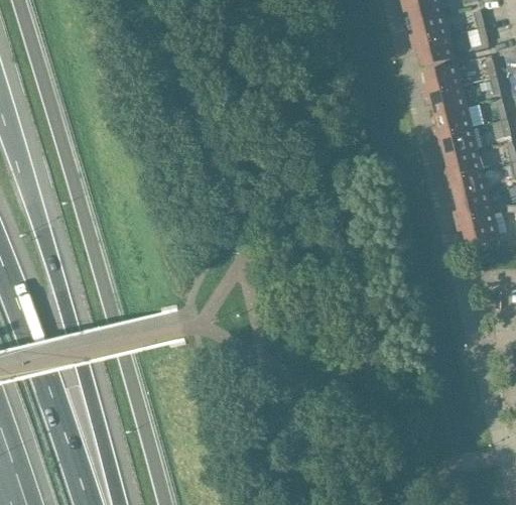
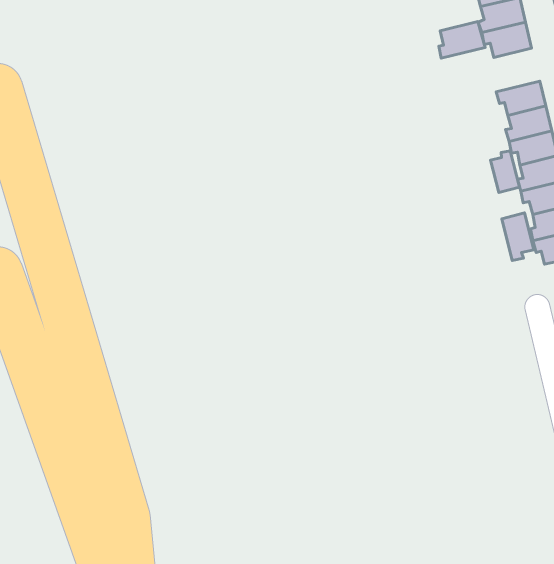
building: [423,65,463,96] -> [439,21,485,58]
building: none -> [491,151,519,192]
building: none -> [502,213,534,260]

